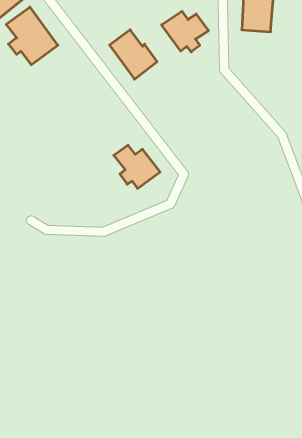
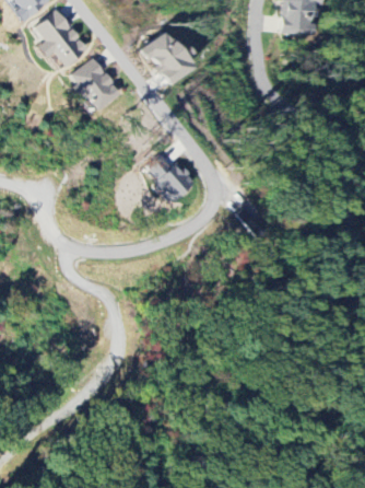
building: [162,11,208,52] -> none
building: none -> [69,58,119,114]

